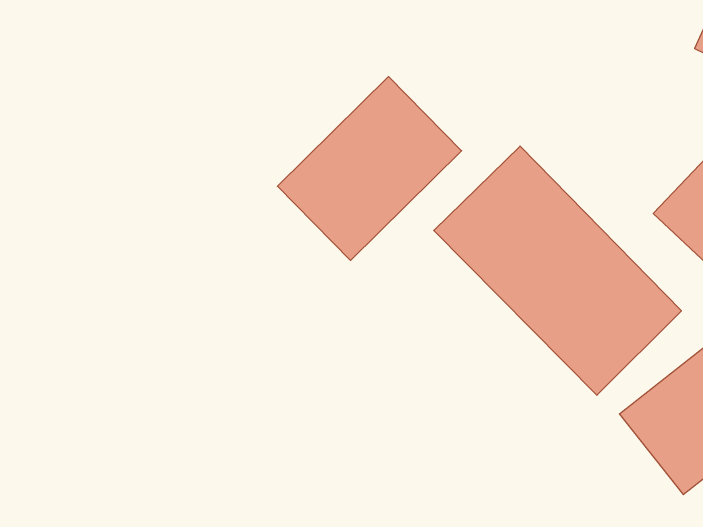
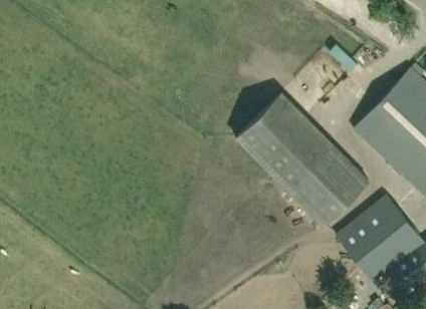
building: [277,77,462,260] -> none

